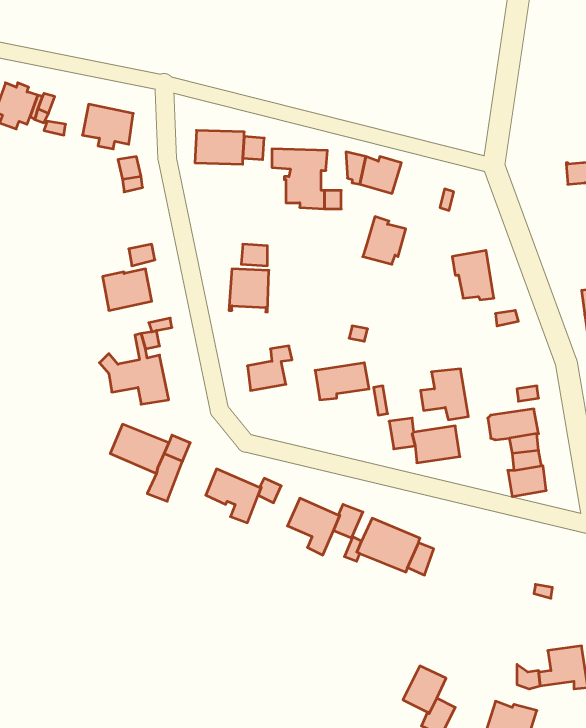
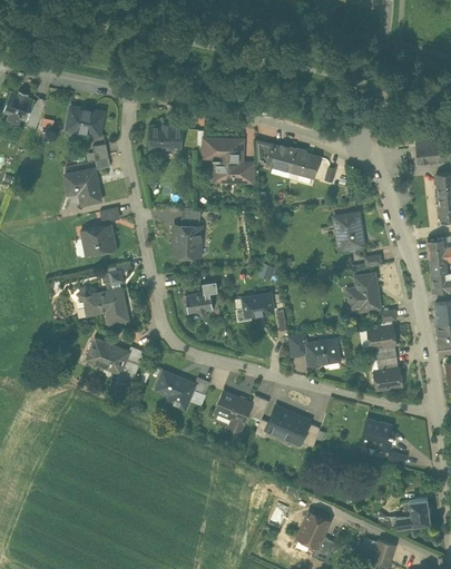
building: none -> [65,168,101,204]
building: [363,217,406,264] -> [288,148,320,183]
building: [421,369,468,420] -> [346,273,381,310]
building: none -> [361,419,393,451]

